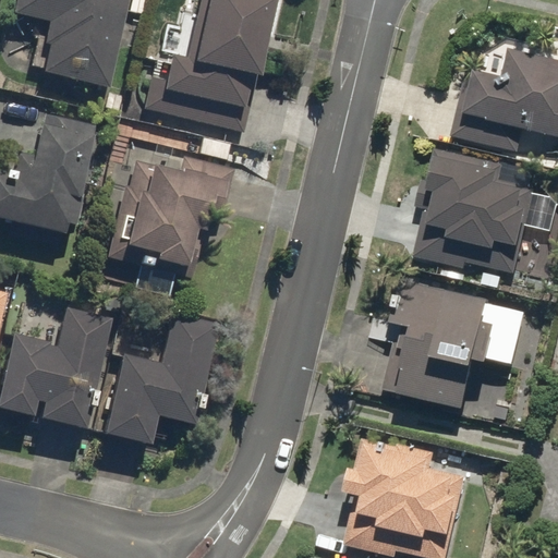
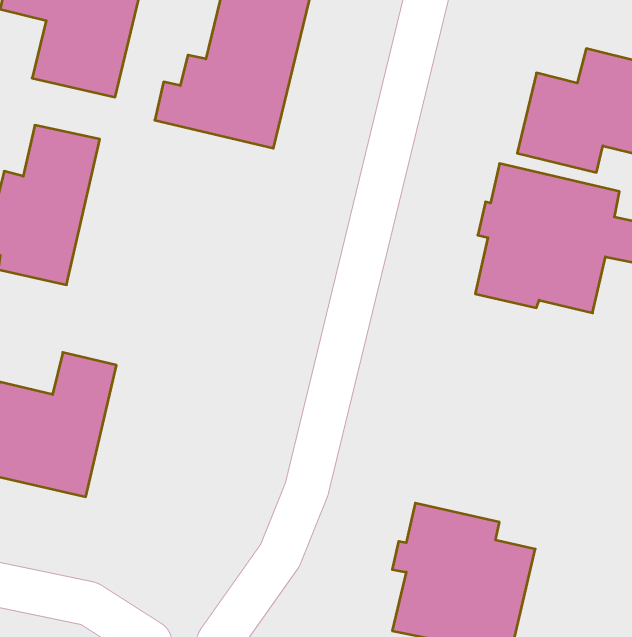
building: [107,157,236,275] -> none
building: [375,279,530,411] -> none
building: [101,312,220,446] -> none

